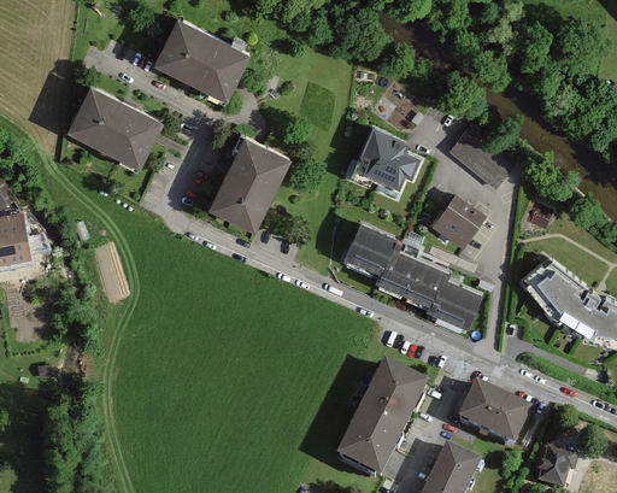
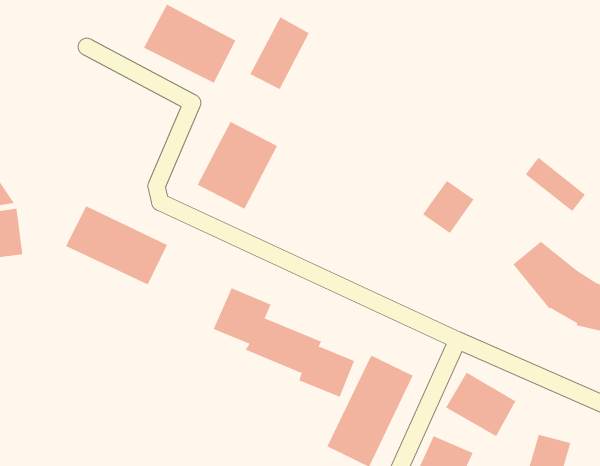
building: none -> [250,17,309,90]
building: [71,90,172,169] -> [65,206,168,285]
building: [362,128,419,189] -> none
building: [448,133,509,187] -> [525,157,586,212]
building: [341,222,481,330] -> [213,288,355,398]

